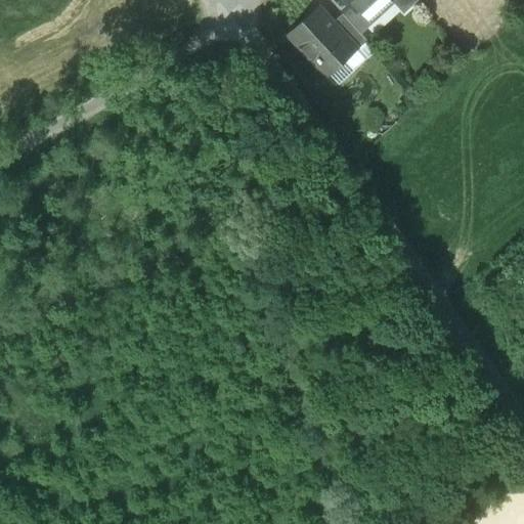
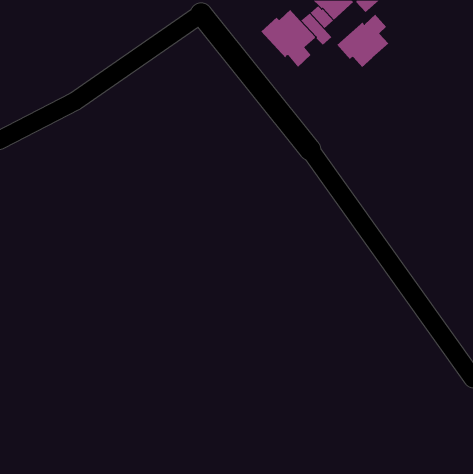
building: none -> [337,14,389,68]

